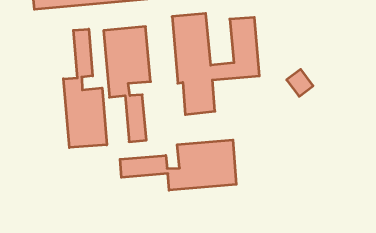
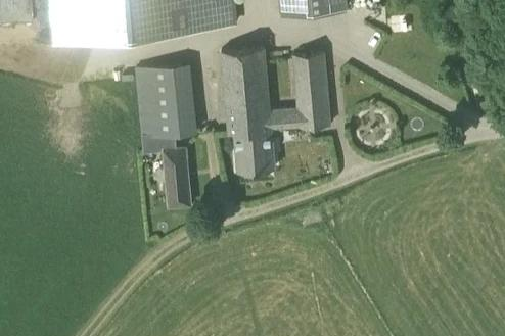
building: [63,29,107,148] -> none
building: [120,140,236,190] -> none

